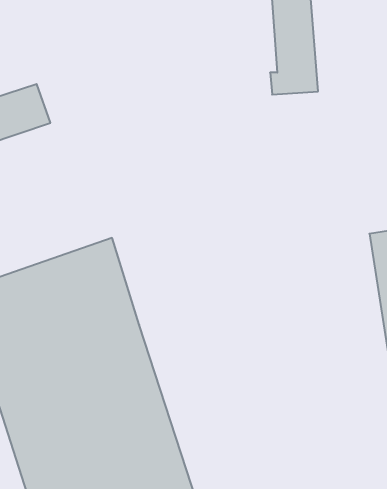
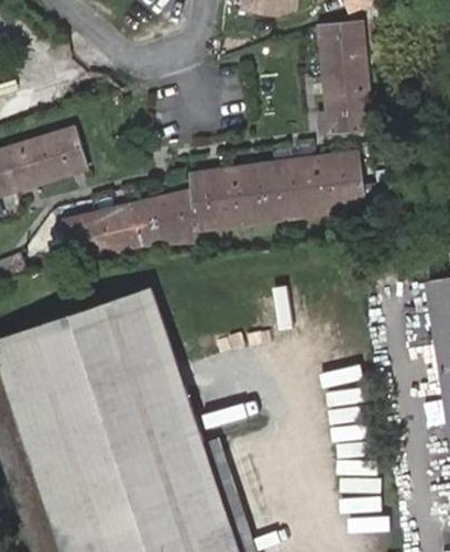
building: none -> [63,153,364,264]

